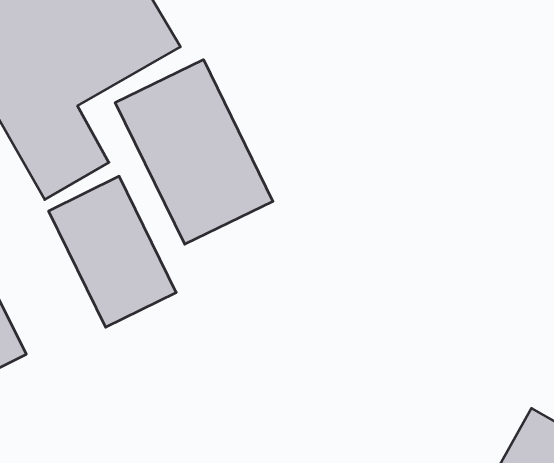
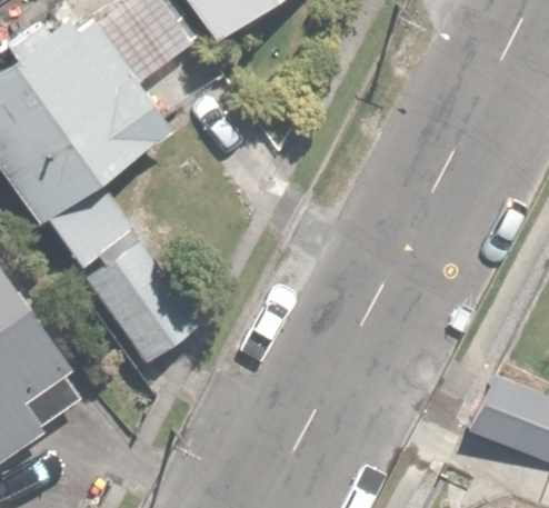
building: [115,60,273,244] -> none

